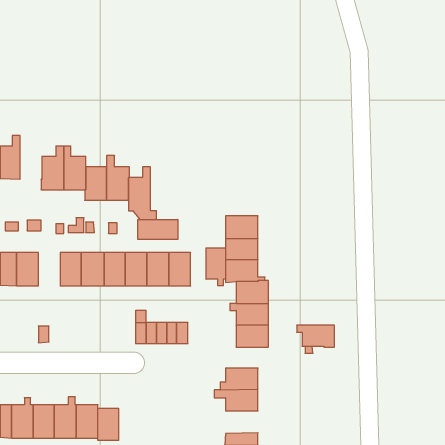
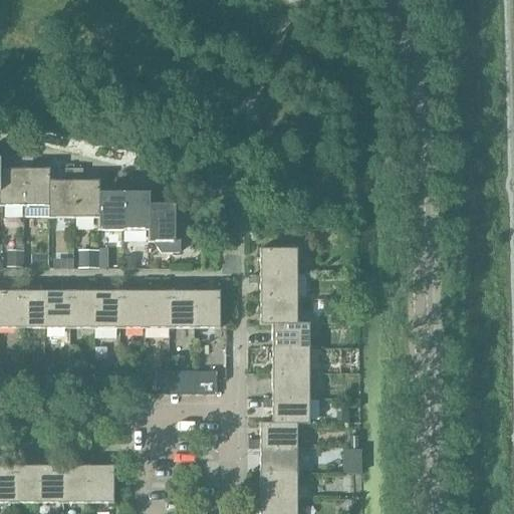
building: none -> [25,156,50,218]
building: [138,219,178,239] -> none
building: none -> [46,278,71,328]
building: [206,248,226,286] -> none
building: [297,325,334,347] -> [267,399,310,424]
building: [98,408,119,440] -> none
building: none -> [255,472,298,498]

